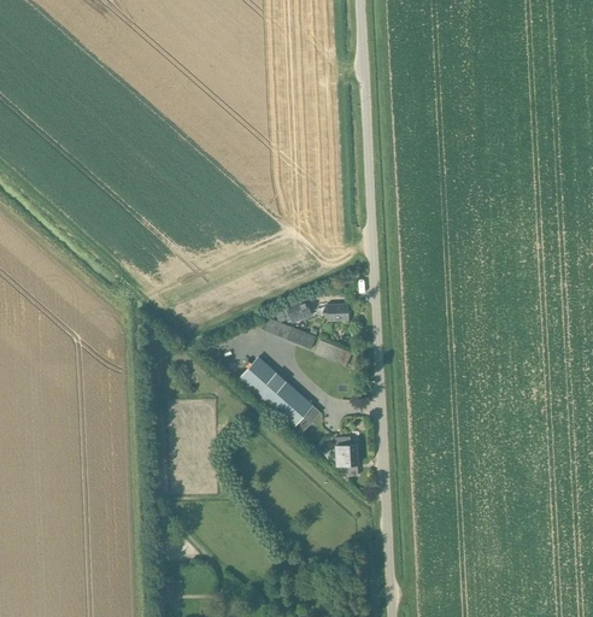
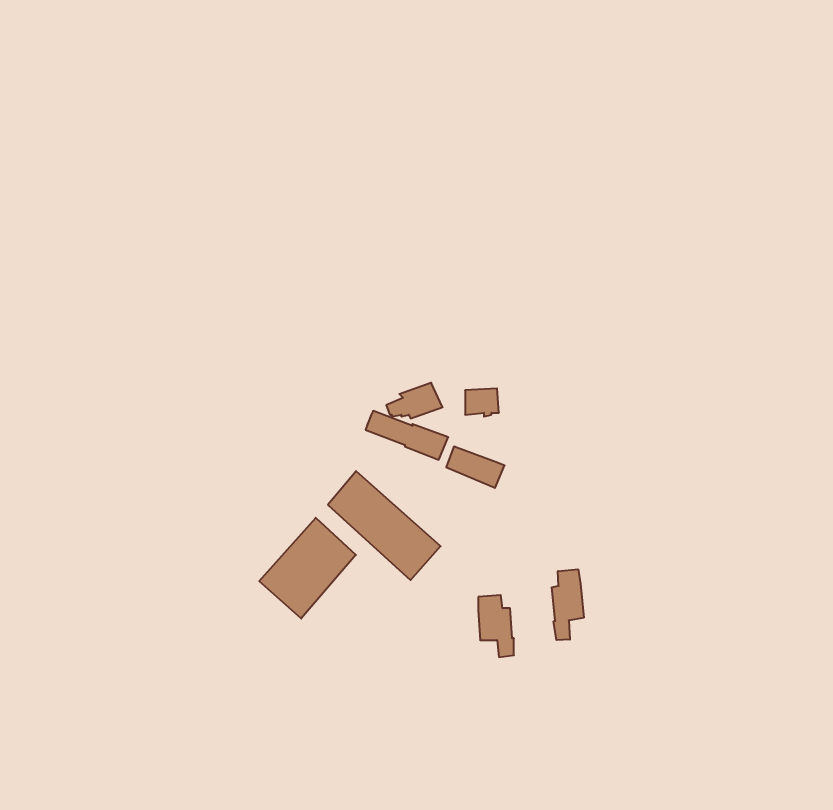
building: none -> [259,518,356,619]
building: none -> [552,569,584,640]

